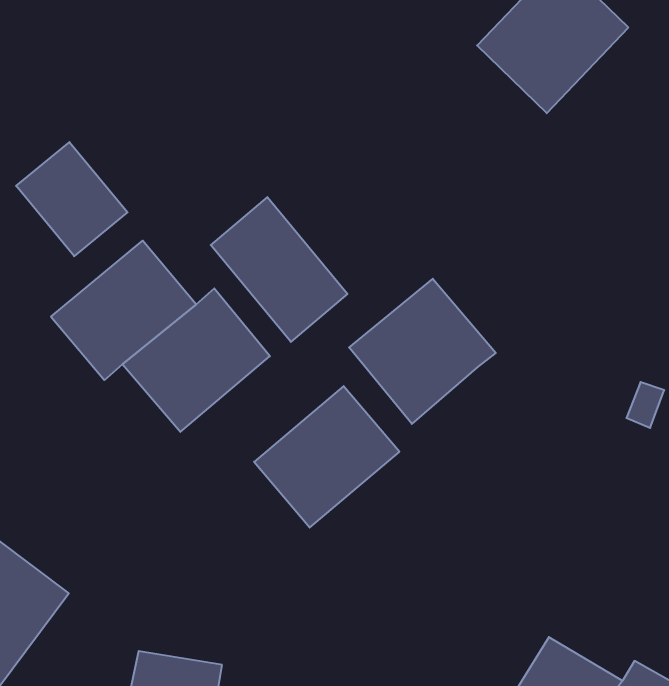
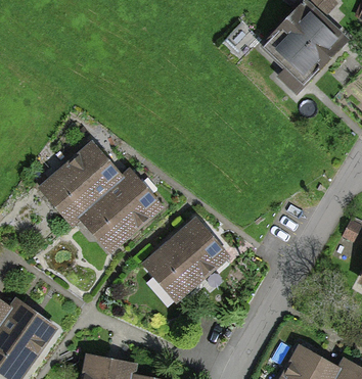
building: [16,142,128,256] -> none
building: [211,197,347,342] -> none
building: [349,279,496,424] -> none

